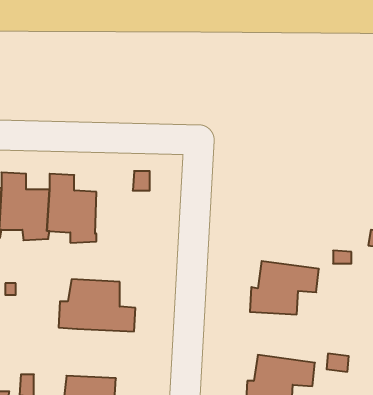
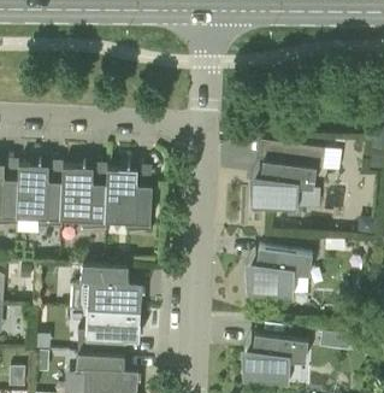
building: none -> [253,143,325,210]
building: none -> [105,169,152,231]
building: none -> [77,310,141,356]

